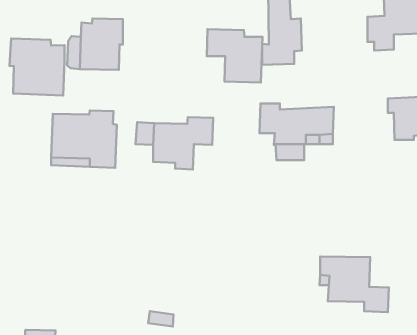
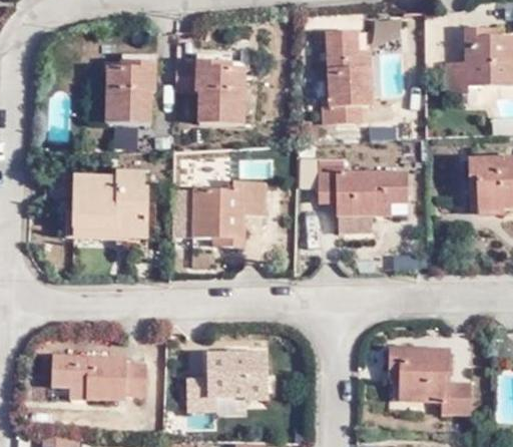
building: [207,29,262,82] -> [176,62,242,125]
building: [9,39,64,96] -> none
building: none -> [52,354,145,400]
building: none -> [186,354,266,410]

